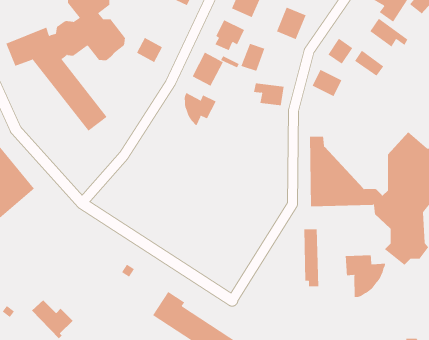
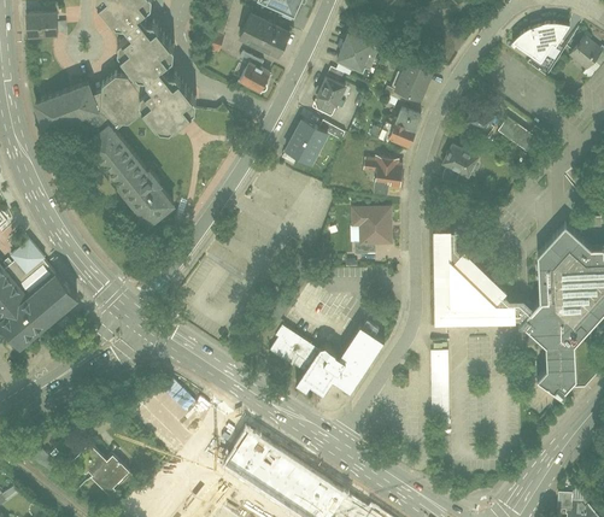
building: [369,18,408,47] -> none
building: [136,37,163,63] -> [240,64,275,98]
building: [240,43,265,72] -> [385,111,417,148]
building: [184,92,216,126] -> none
building: none -> [351,207,393,246]
building: none -> [266,319,379,394]
building: [345,255,386,298] -> none

